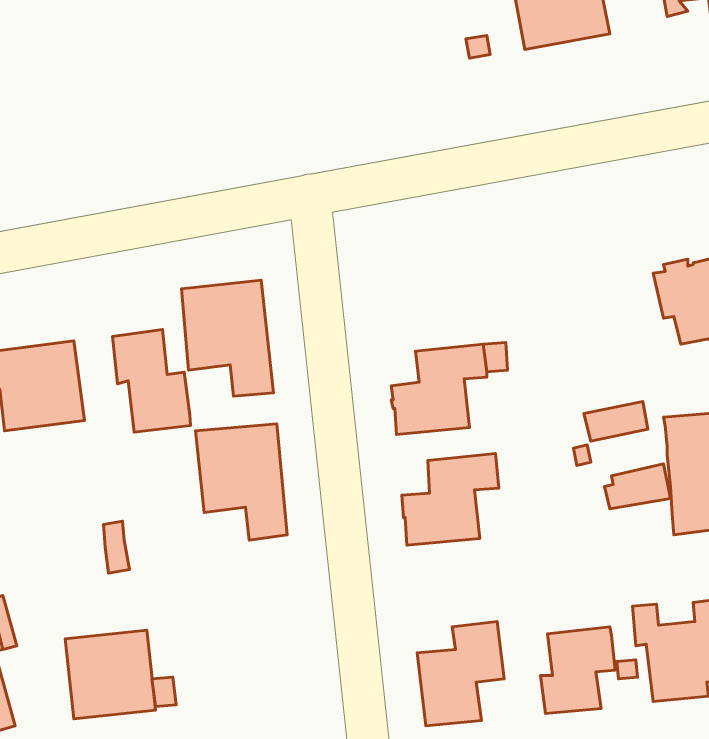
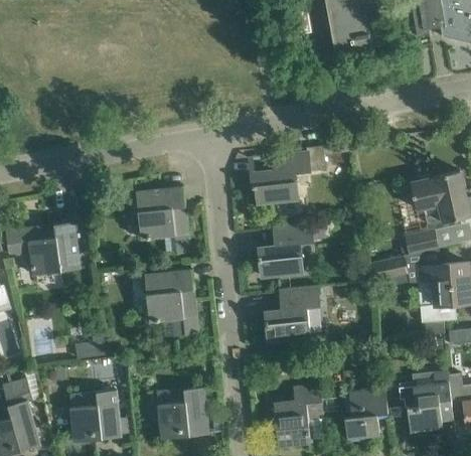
building: none -> [252,143,349,203]
building: [113,329,191,432] -> none
building: [605,464,670,509] -> [401,229,439,255]
building: none -> [157,387,209,438]

